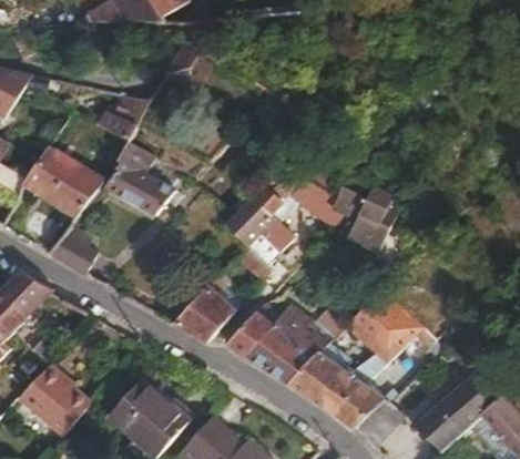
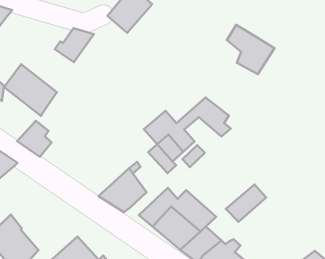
building: [102,137,170,216] -> none
building: [334,185,400,251] -> [227,25,274,74]
building: [365,305,425,360] -> none

